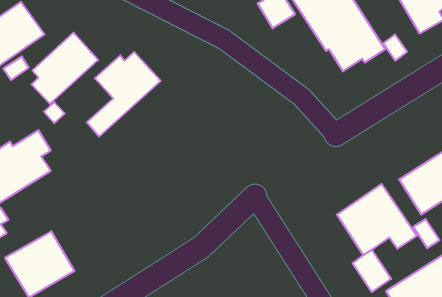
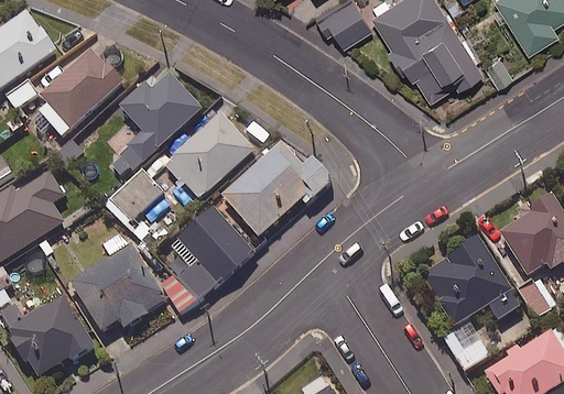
building: none -> [165,113,254,200]
building: none -> [223,142,333,237]
building: none -> [108,168,173,220]
building: none -> [158,206,253,300]
building: none -> [70,231,166,331]

